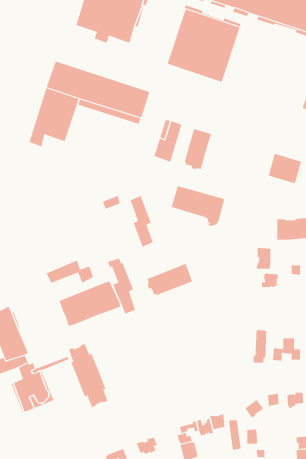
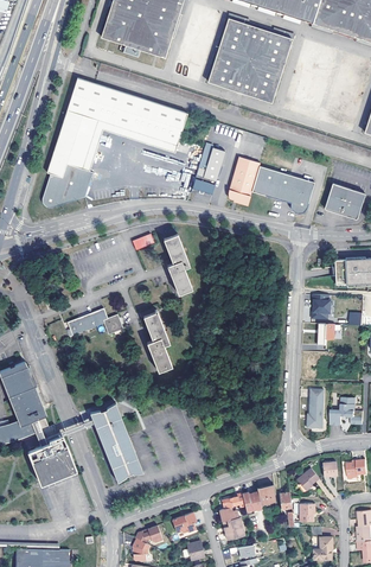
building: none -> [40,163,91,208]
building: [171,186,225,227] -> [250,165,313,212]
building: [147,263,193,296] -> none
building: [59,281,121,327] -> none

